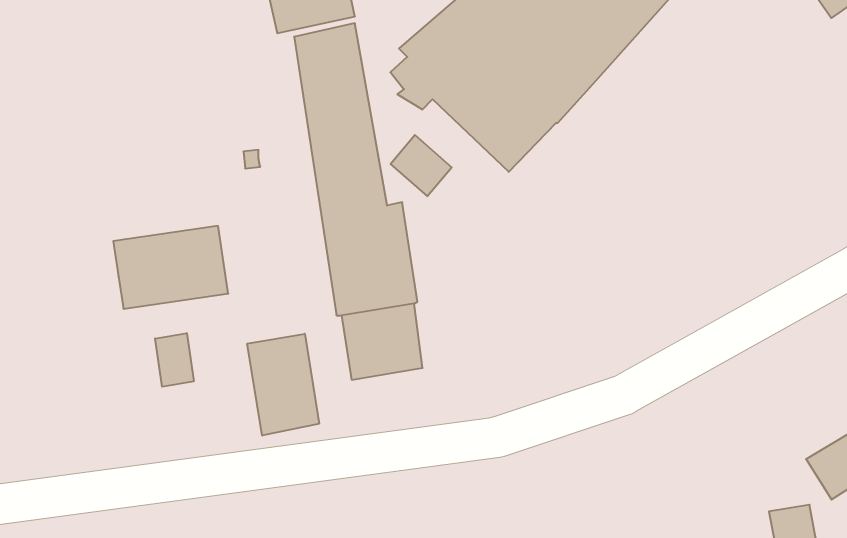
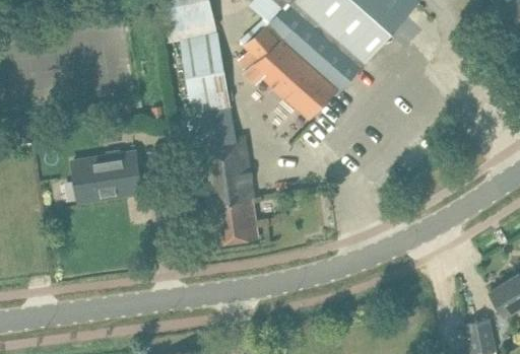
building: [391,135,452,196] -> none
building: [155,333,194,387] -> none
building: [247,334,319,436] -> none

